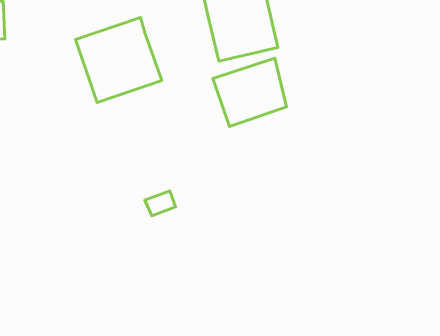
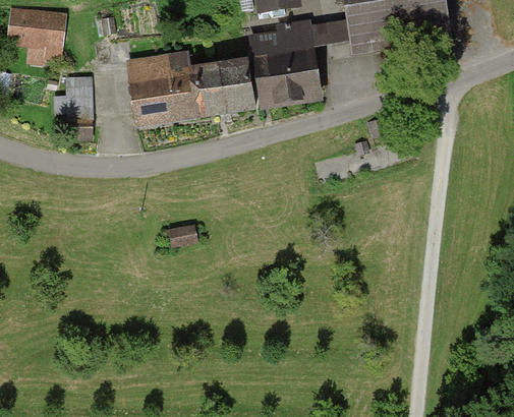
building: none -> [65,71,93,115]
building: [213,58,287,126] -> [193,55,261,114]

